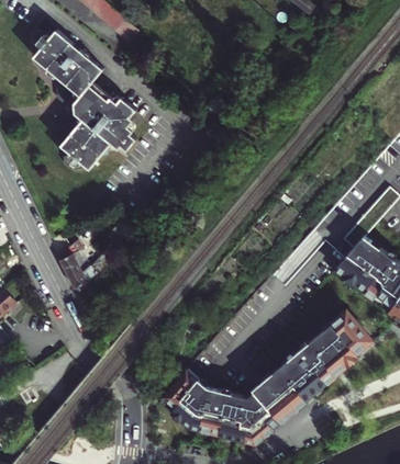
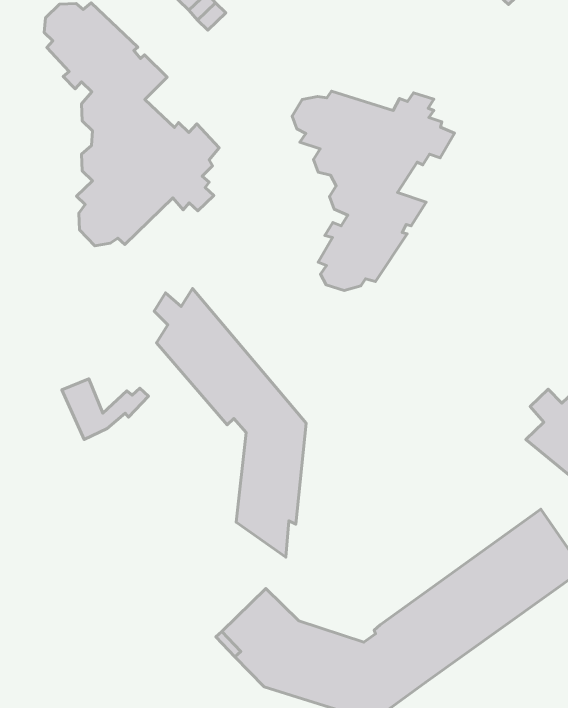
building: none -> [292,91,454,291]
building: none -> [154,289,306,557]

